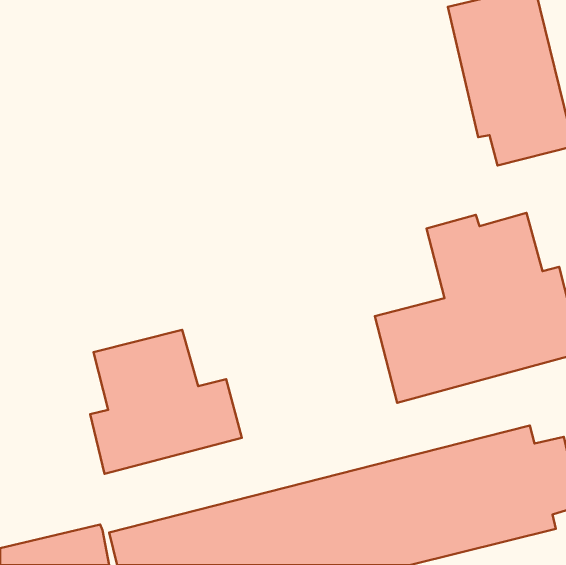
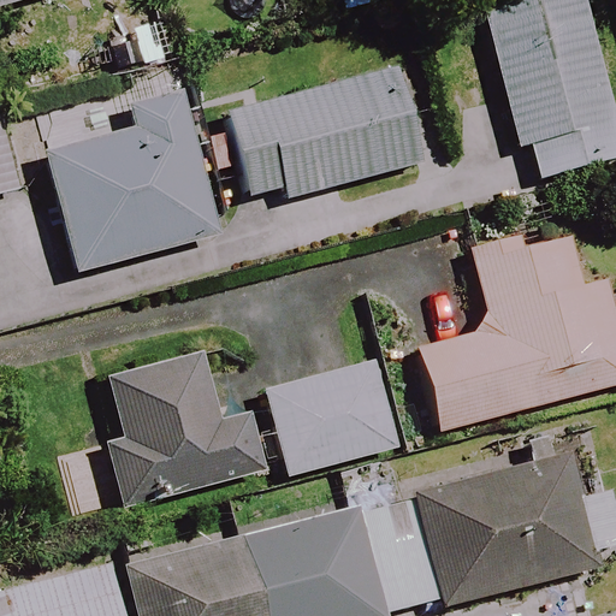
building: none -> [225,61,426,205]
building: none -> [47,87,219,272]
building: none -> [265,359,402,475]

